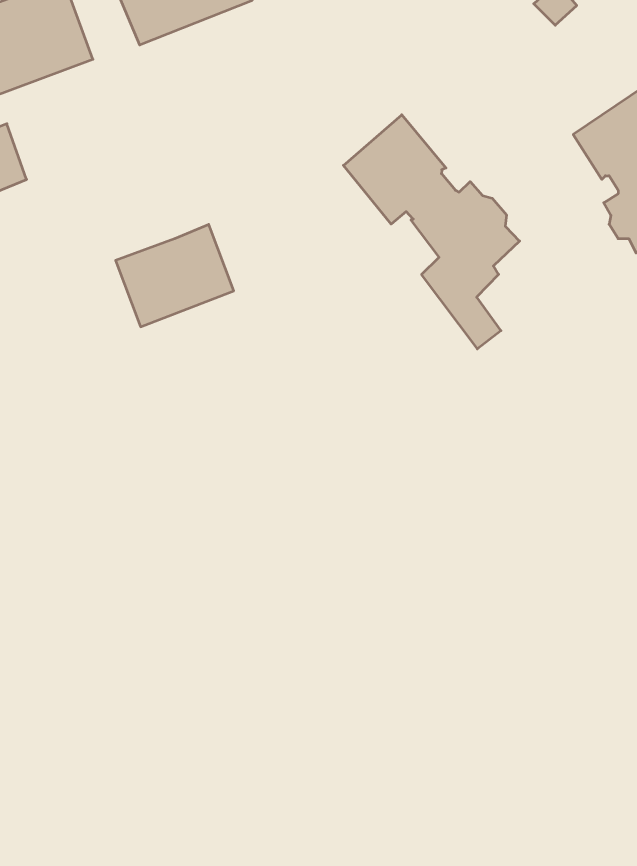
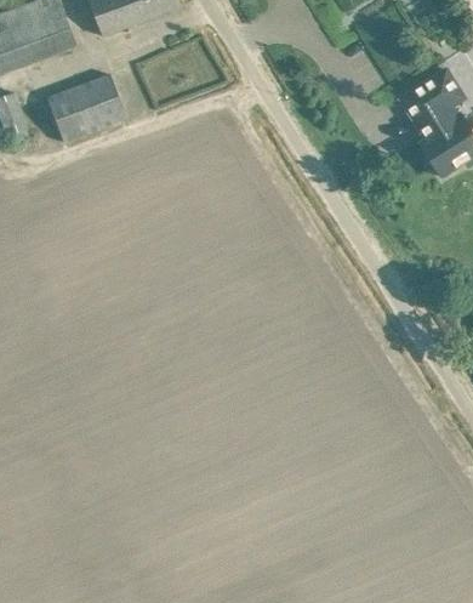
building: [343,115,520,349] -> none
building: [116,224,234,327] -> [46,74,126,143]

